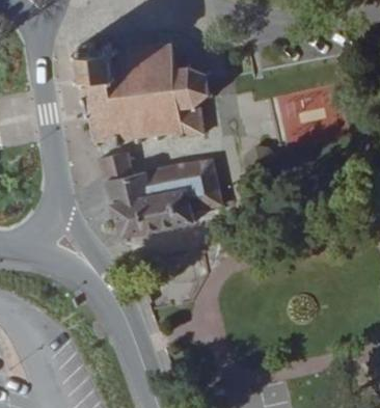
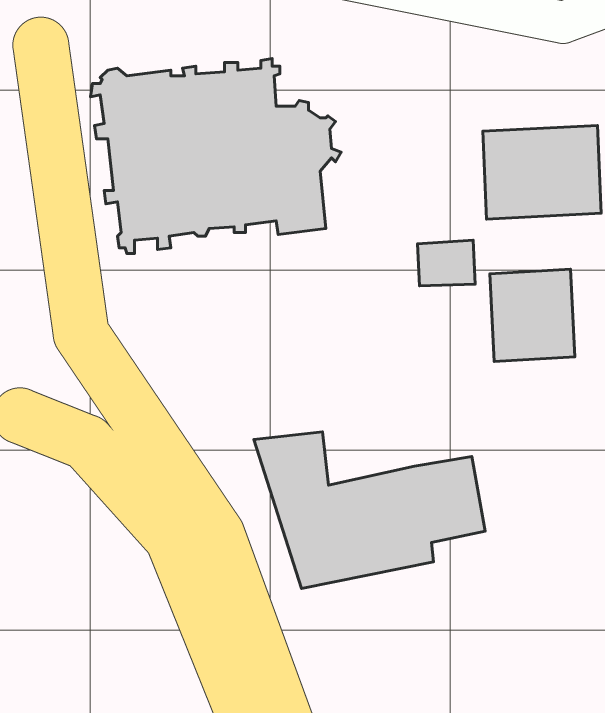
building: [96,156,221,241] -> [254,432,485,588]
building: none -> [490,269,575,361]

